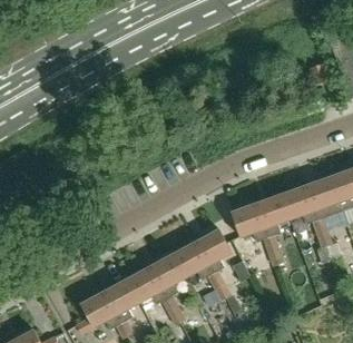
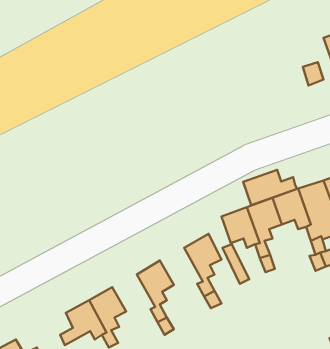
building: none -> [243,170,297,205]
building: [171,241,213,278] -> none
building: [126,266,167,303] -> none

